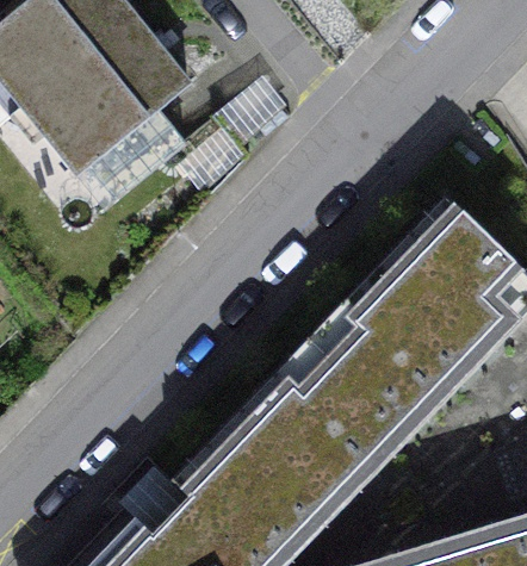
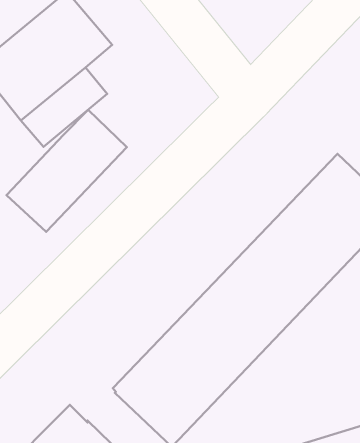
building: none -> [6,110,127,232]

